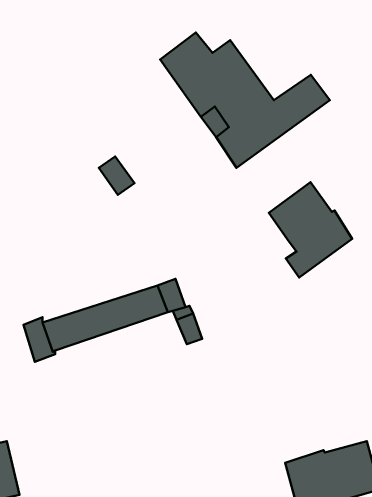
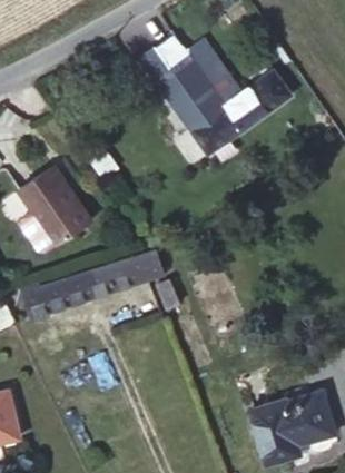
building: none -> [19,165,91,242]
building: [269,182,352,277] -> none

